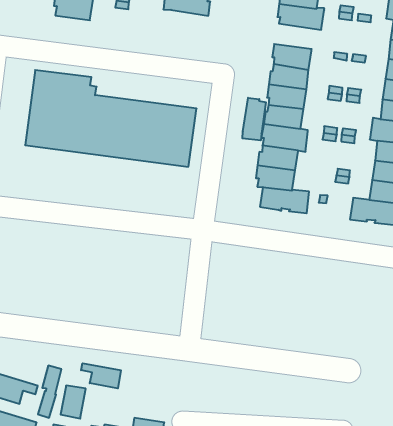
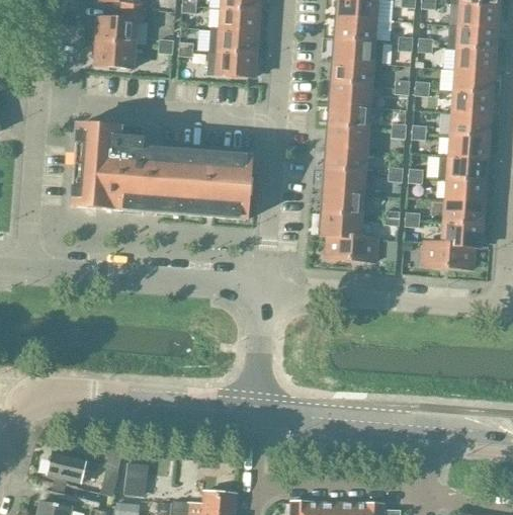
building: none -> [216,52,258,77]
building: none -> [330,60,379,86]
building: [242,98,266,140] -> none
building: [81,363,121,388] -> none

